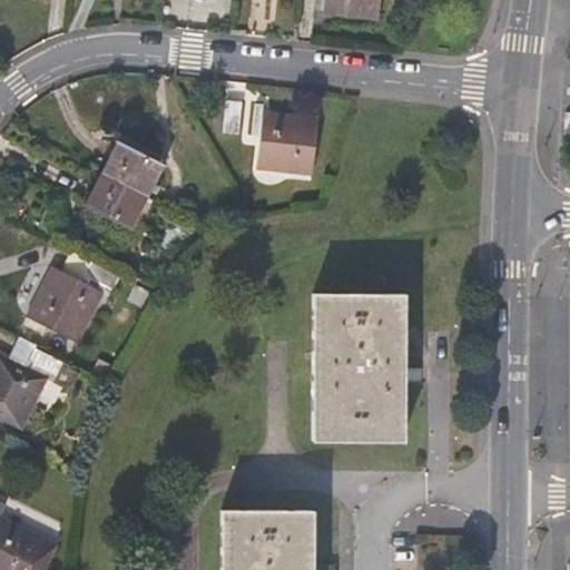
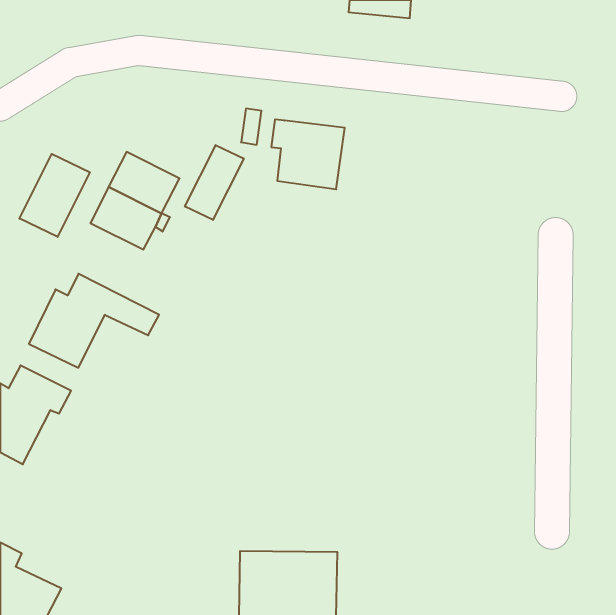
building: none -> [185,145,244,220]
building: none -> [19,154,90,237]
building: [311,295,404,441] -> none

